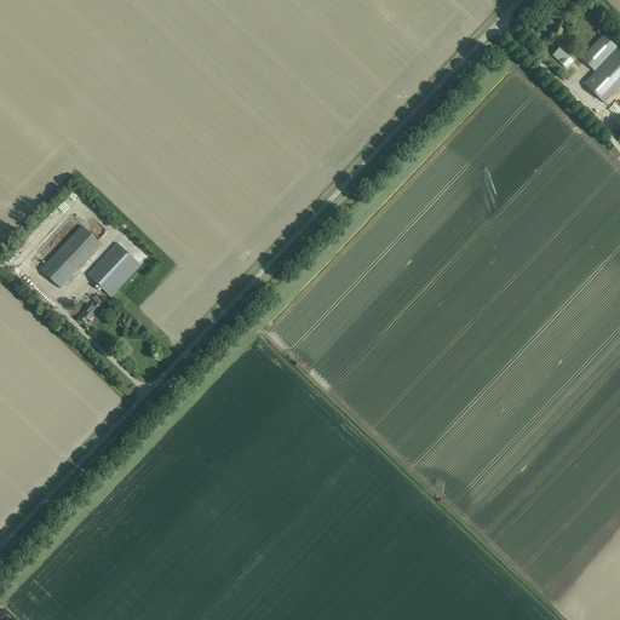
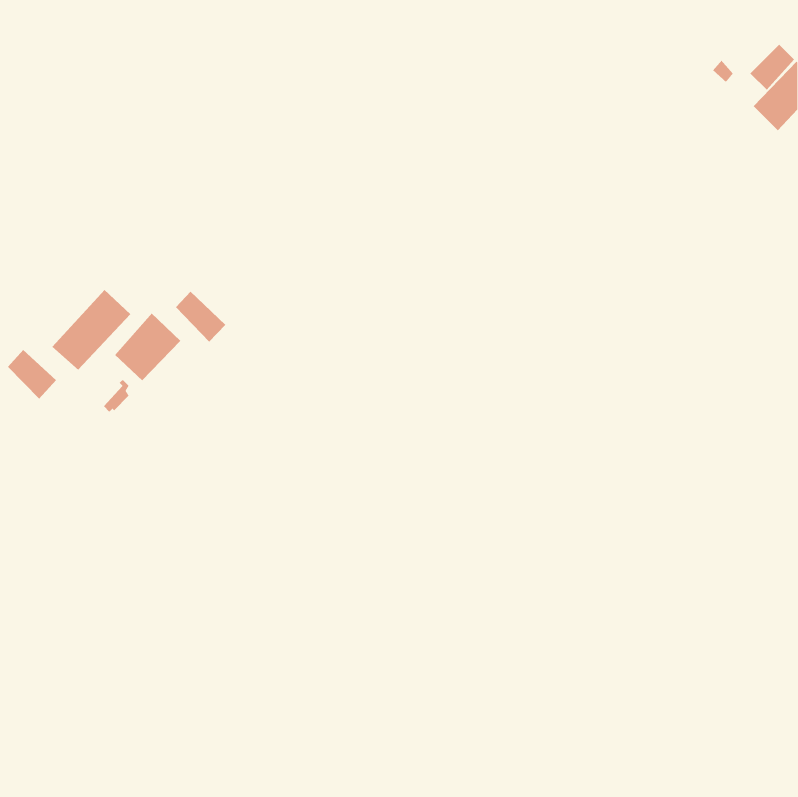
building: none -> [175,291,226,343]
building: none -> [7,349,57,399]

